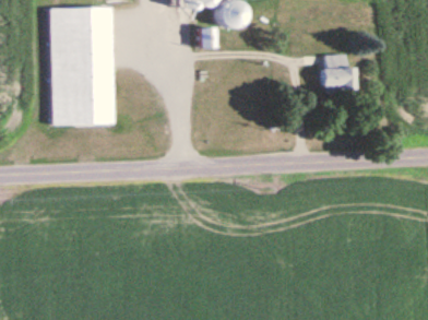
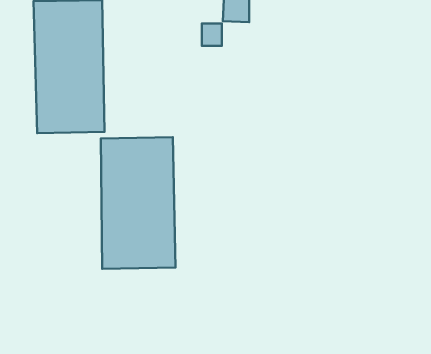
building: [322,55,354,93] -> none
building: none -> [101,137,175,269]

